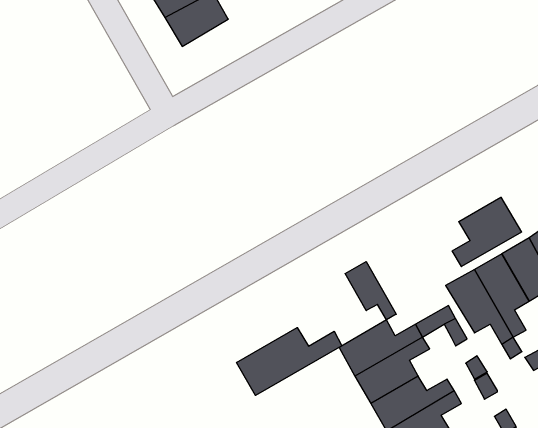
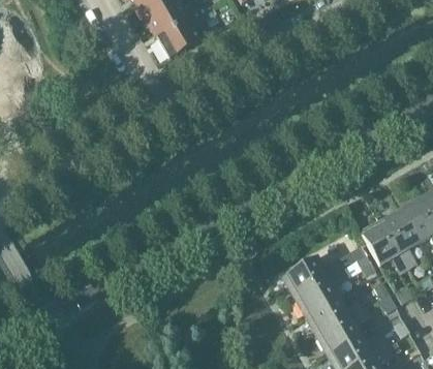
building: [452,197,522,267] -> none
building: [345,262,396,320] -> none
building: [237,328,342,395] -> none

